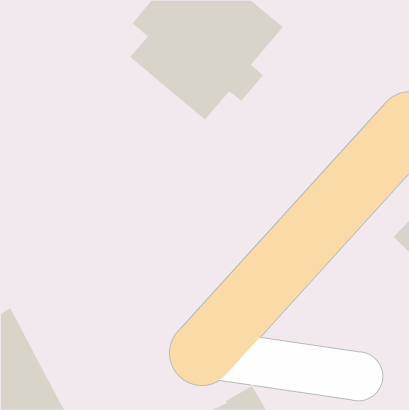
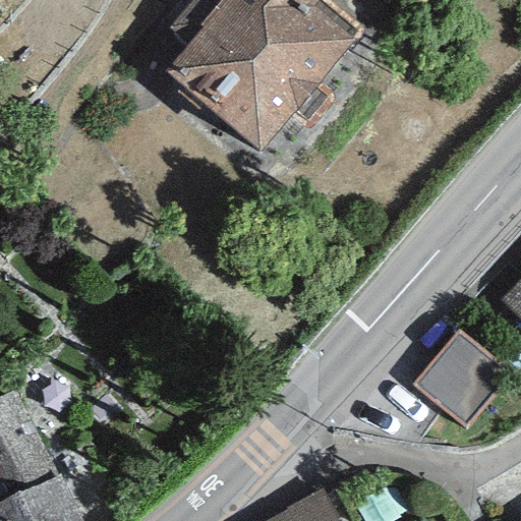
building: none -> [413,331,511,427]

